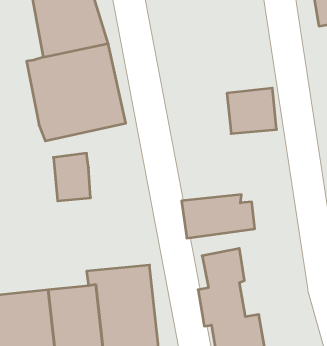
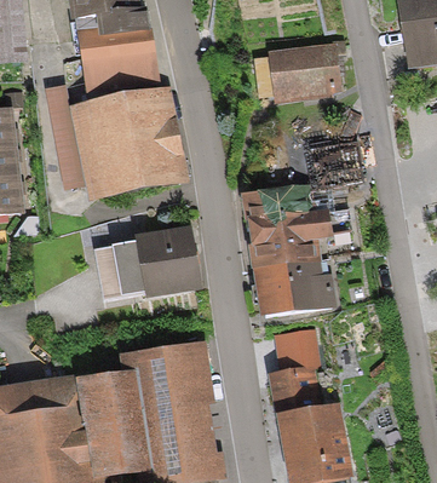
building: none -> [268,42,333,94]
building: none -> [41,86,80,186]
building: none -> [238,189,328,271]
building: none -> [138,228,203,284]

